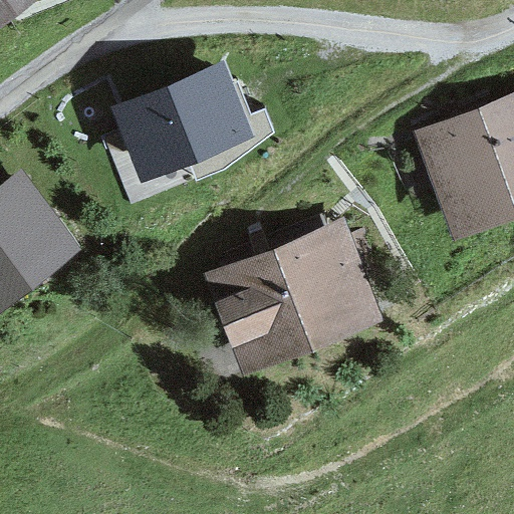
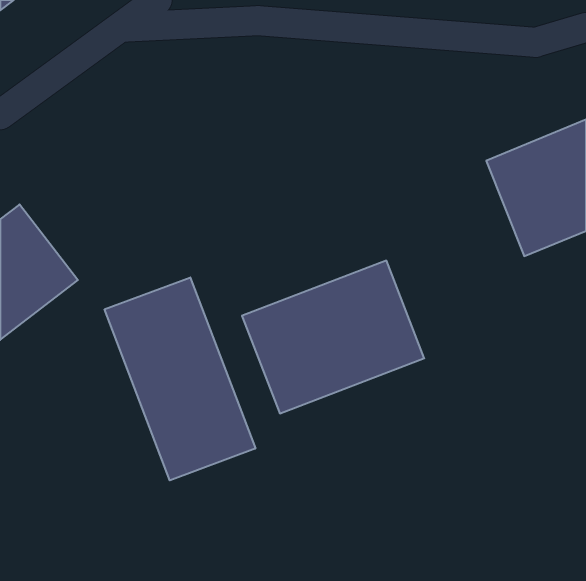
building: [122,67,243,164] -> none
building: none -> [105,277,255,480]

